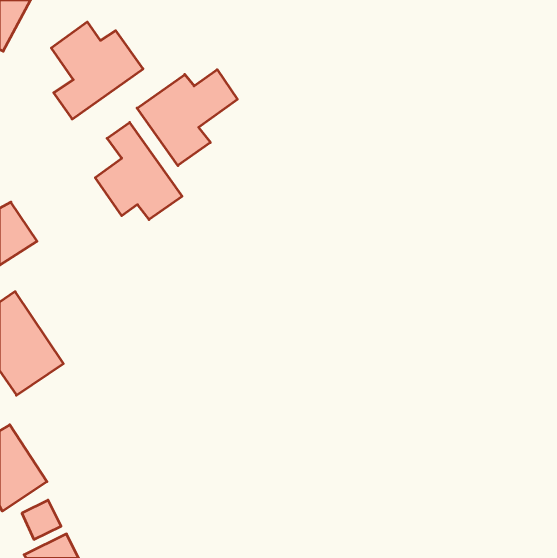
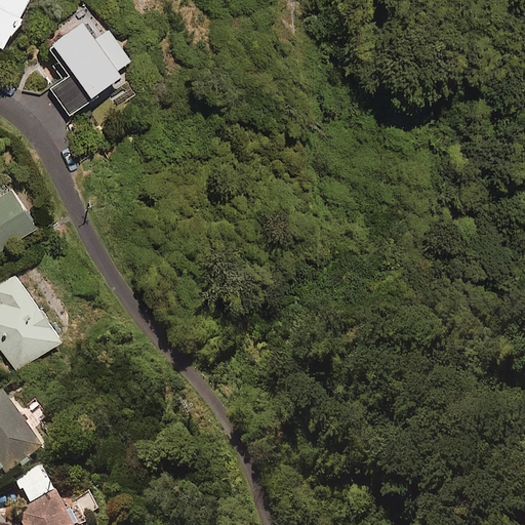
building: [137,70,237,166] -> none
building: [95,122,182,220] -> none

